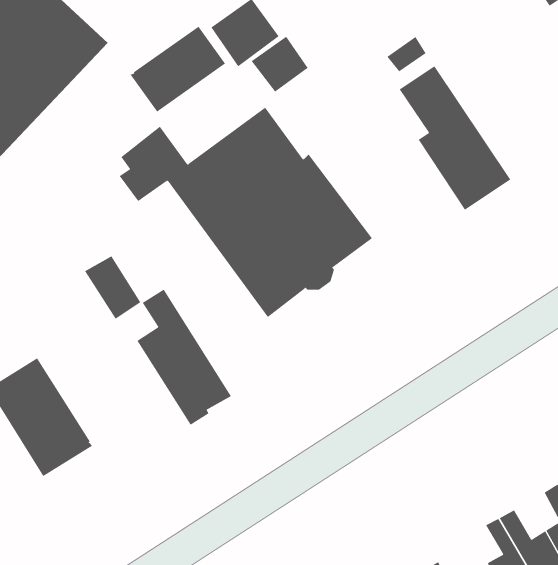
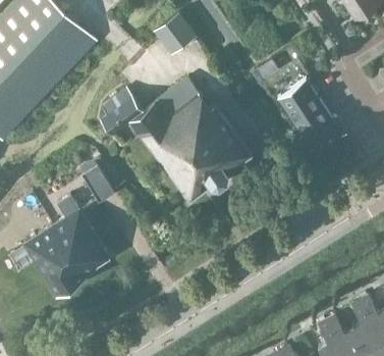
building: [130,26,226,112] -> none
building: [251,36,309,93] -> none
building: [137,289,232,426] -> [53,195,109,275]

